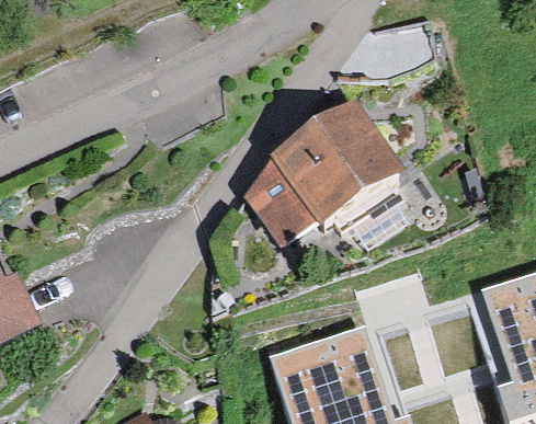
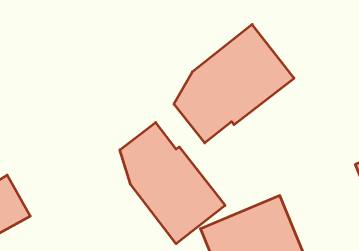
building: none -> [120,122,225,244]

